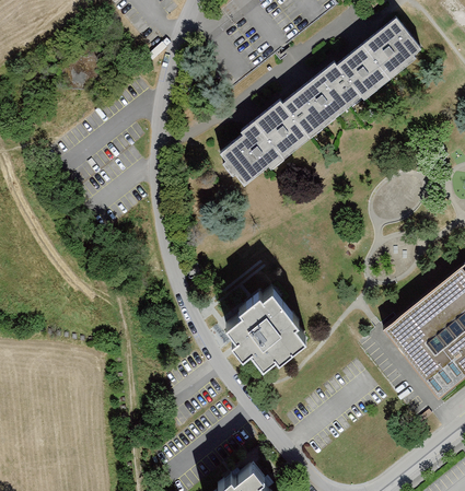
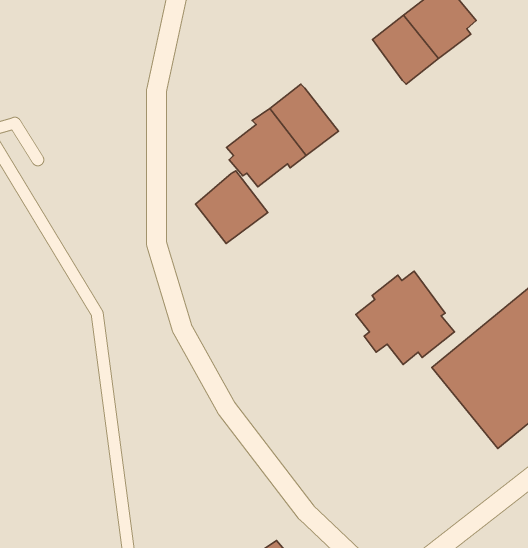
building: [280,61,359,139] -> none
building: none -> [195,171,268,244]
building: [229,295,309,371] -> [356,271,455,364]

